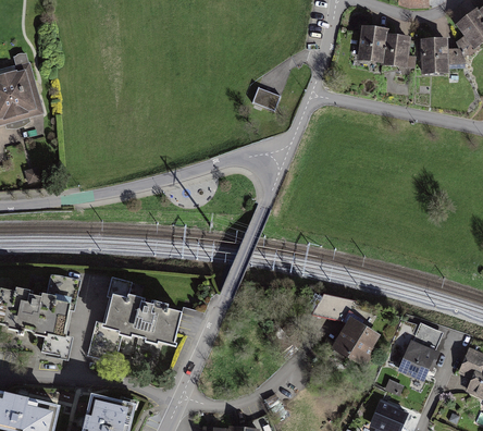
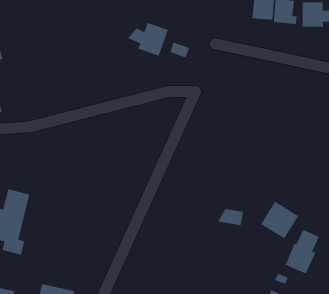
building: none -> [127,22,169,57]
building: [91,280,182,362] -> none
building: [331,319,380,368] -> [260,200,299,239]

